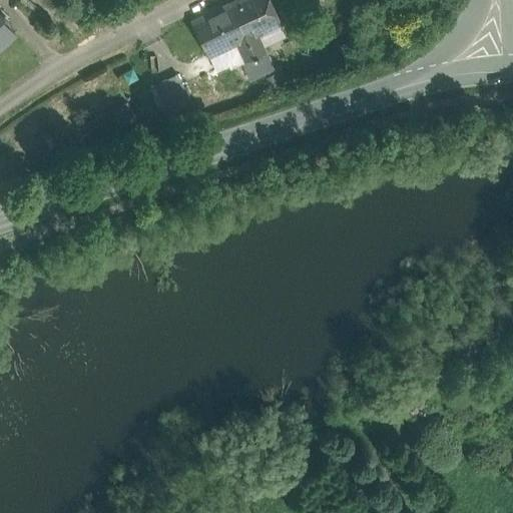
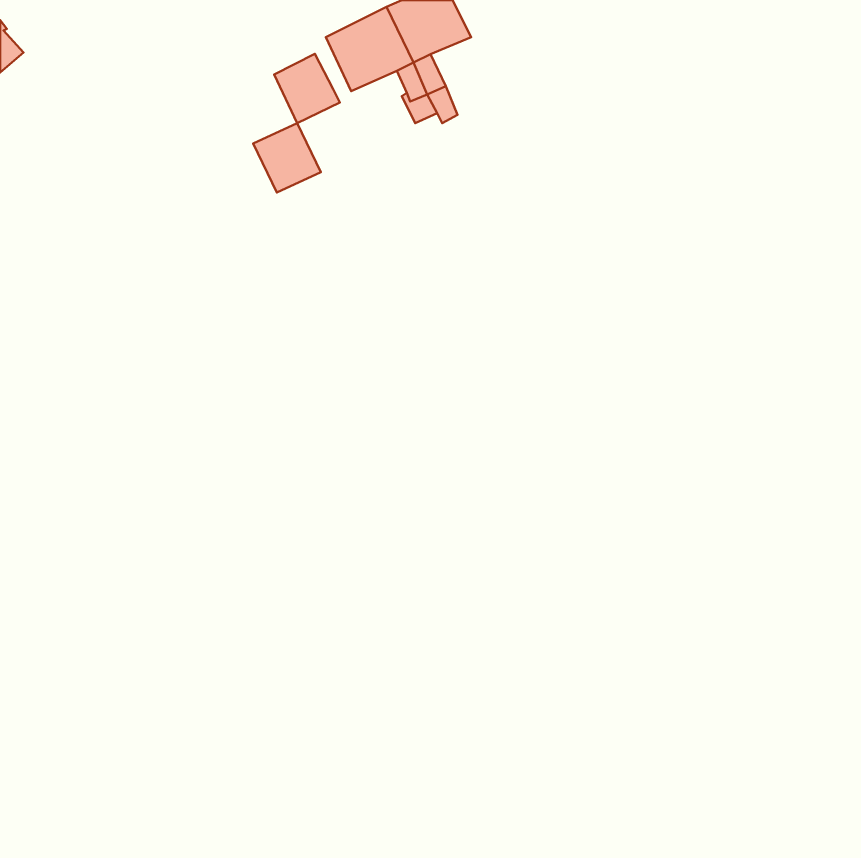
building: none -> [274,54,340,123]

